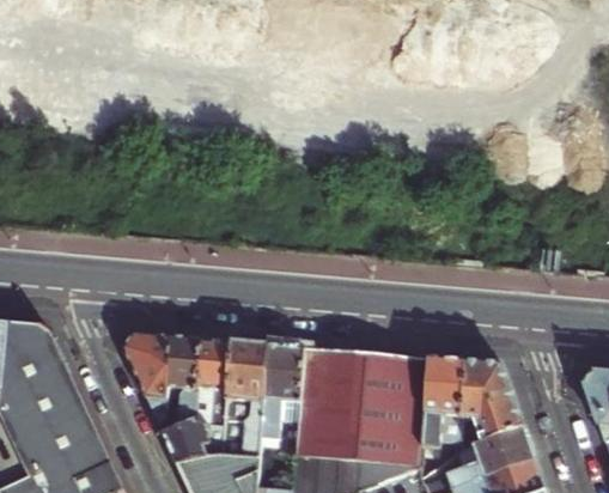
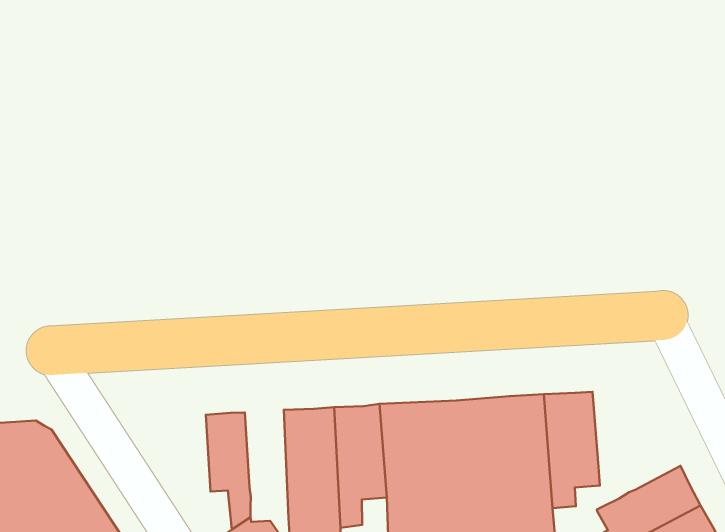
building: [121,335,169,422] -> none
building: [191,341,229,426] -> none
building: [461,364,523,443] -> none

